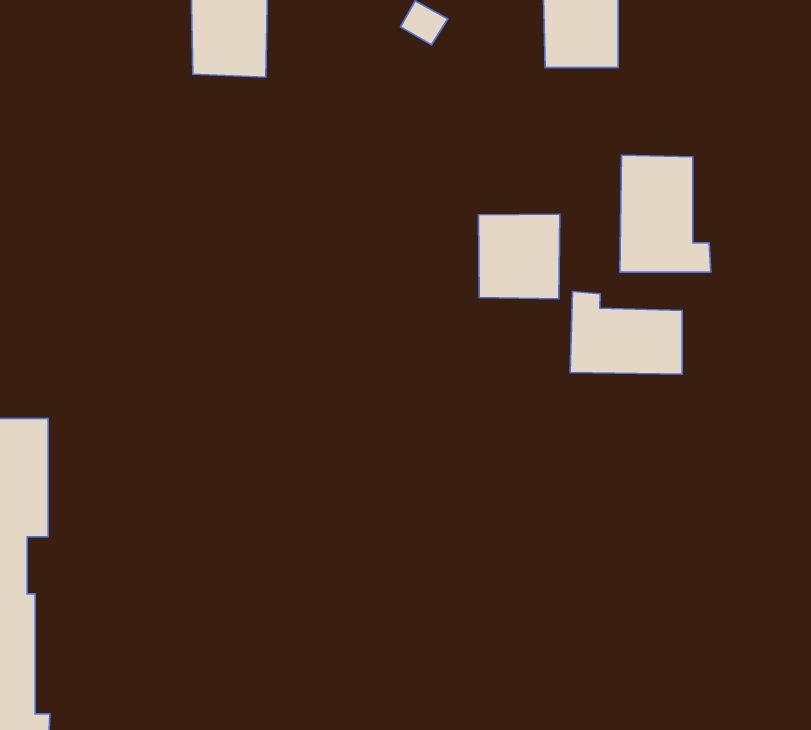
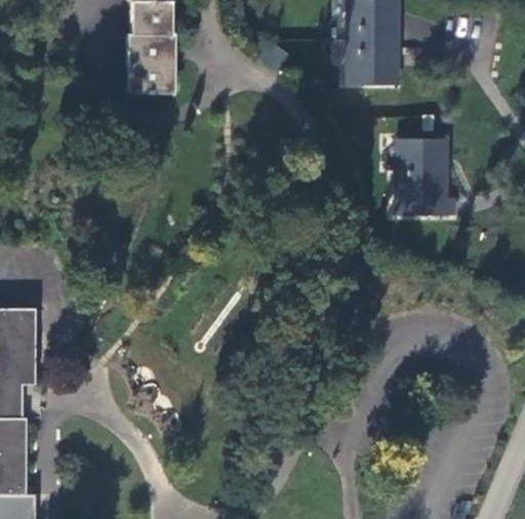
building: [478,214,560,299] -> none
building: [570,292,682,374] -> none

